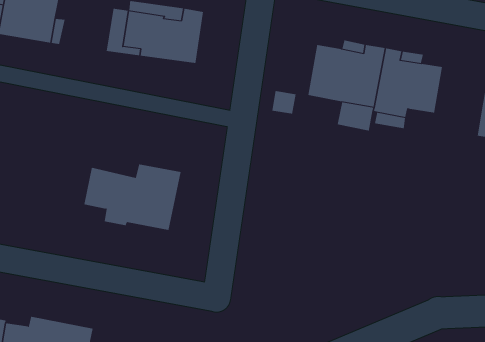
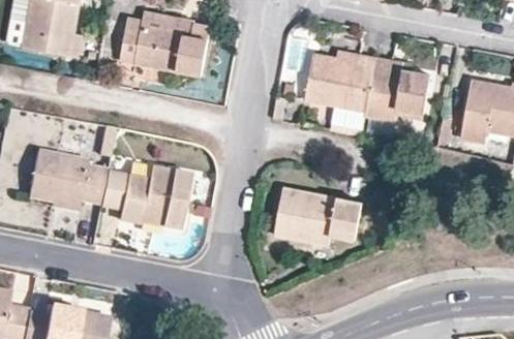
building: none -> [29,148,108,203]
building: none -> [276,187,364,247]

